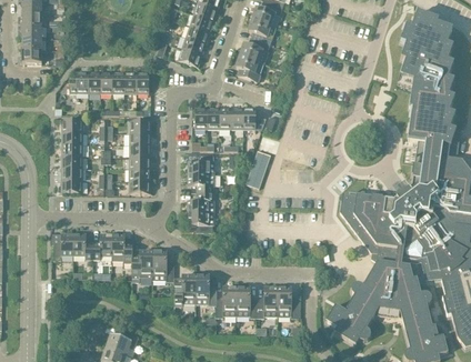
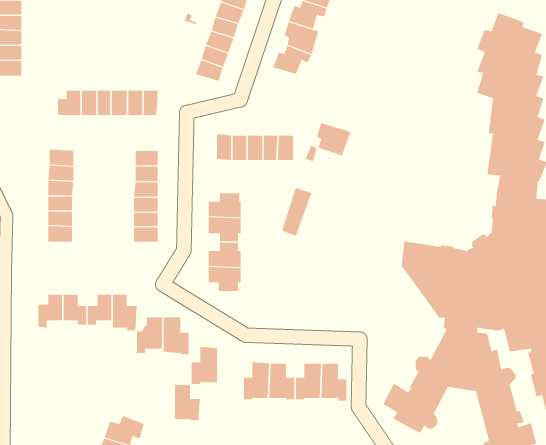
building: [236,54,263,81] -> [316,122,351,156]
building: [196,275,217,304] -> [174,384,201,421]

